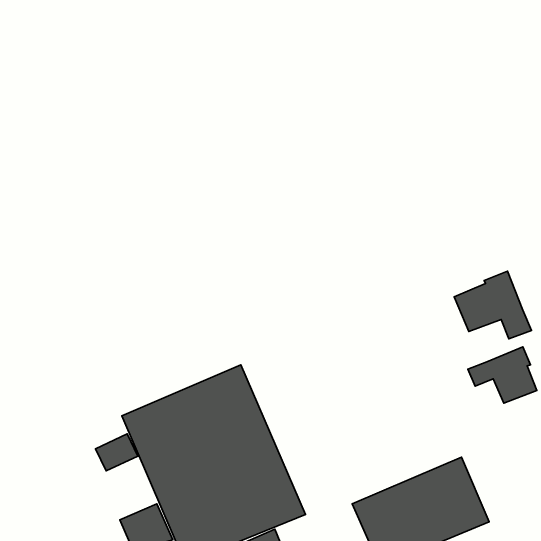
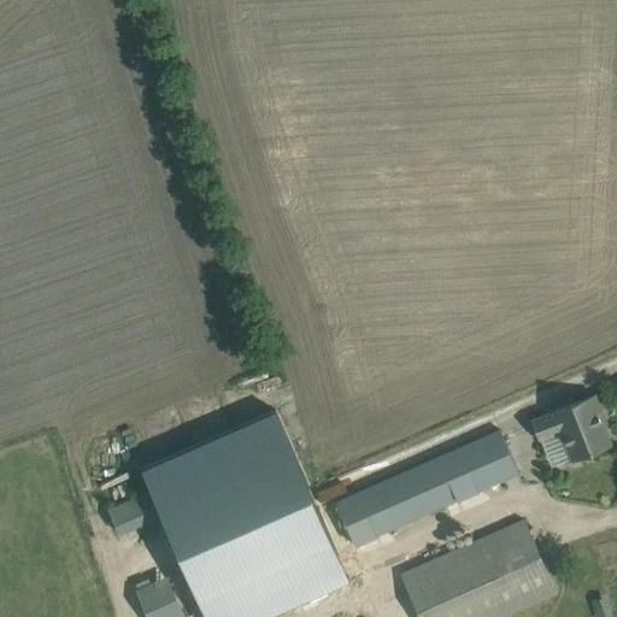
building: [454,271,532,339] -> none
building: none -> [340,431,519,543]

